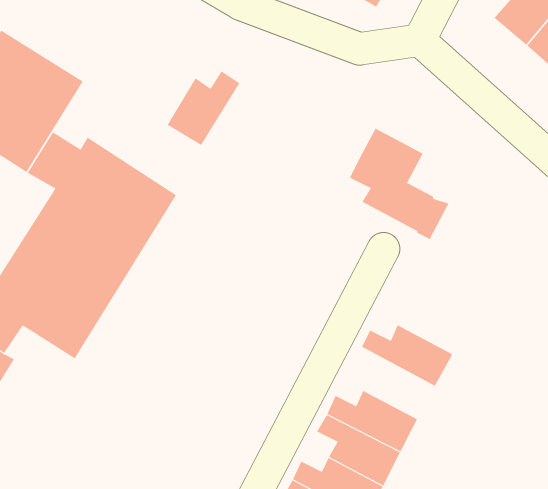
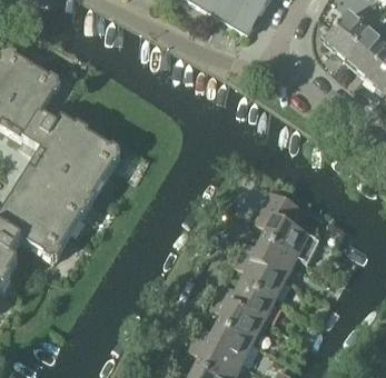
building: [167,70,240,146] -> none
building: [349,128,449,240] -> [254,189,318,261]
building: none -> [231,251,286,298]

